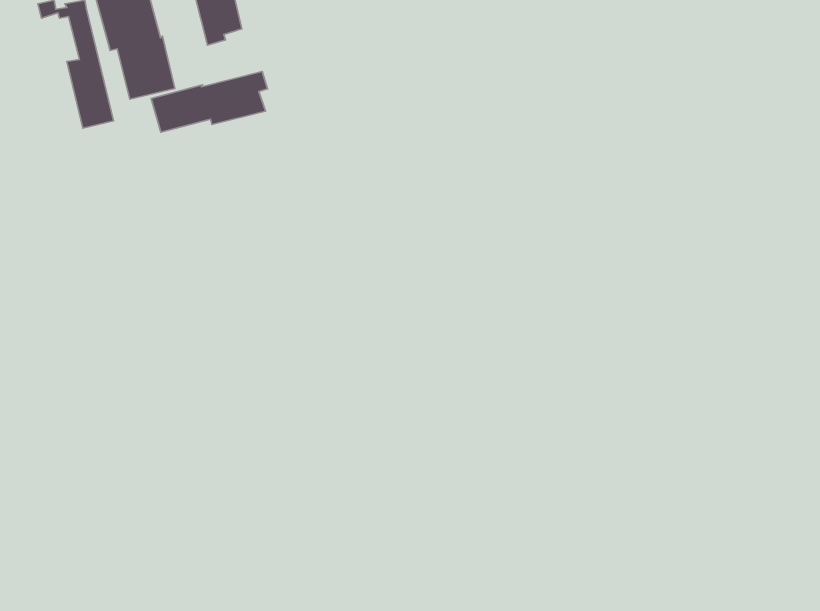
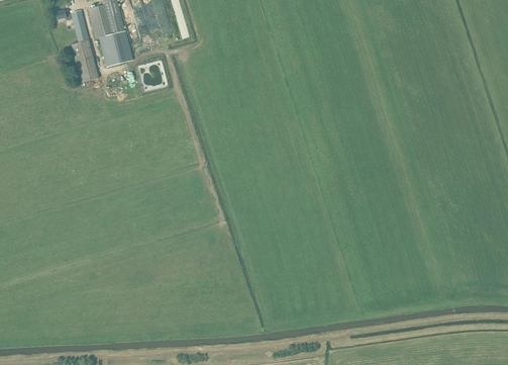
building: [151,71,267,132] -> none

